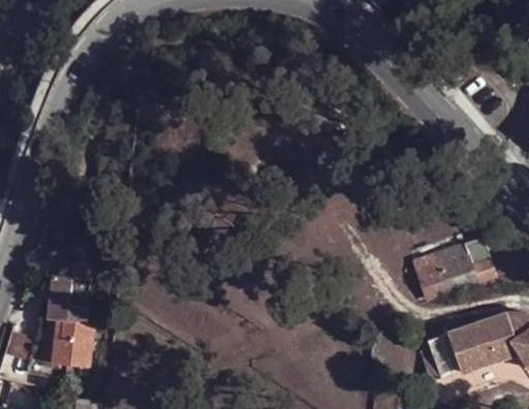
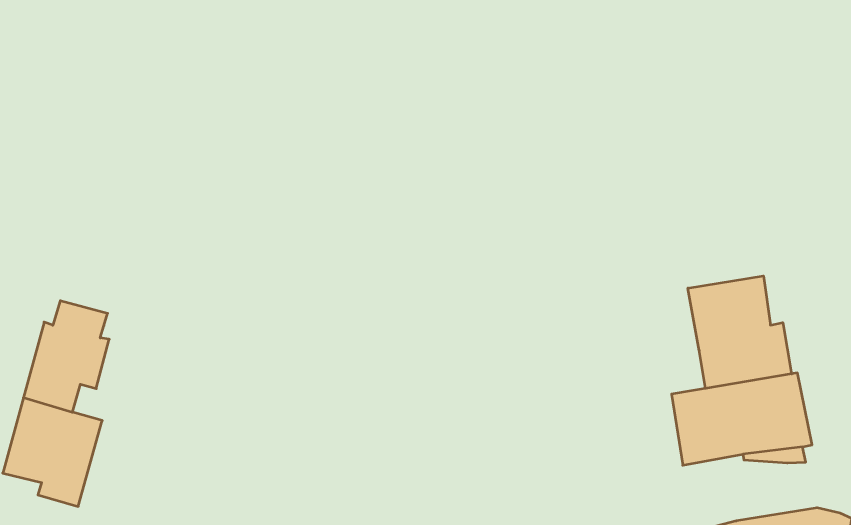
building: none -> [688,276,792,388]

